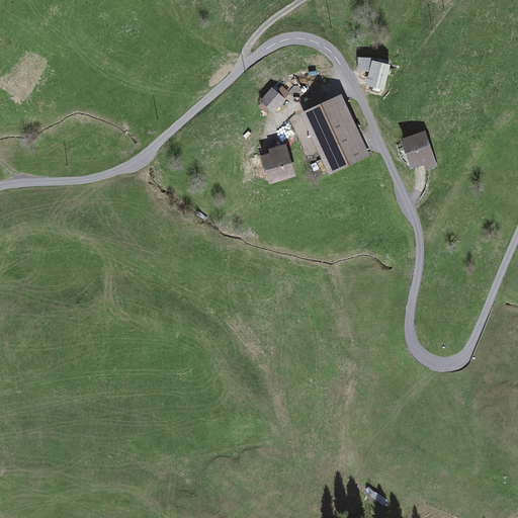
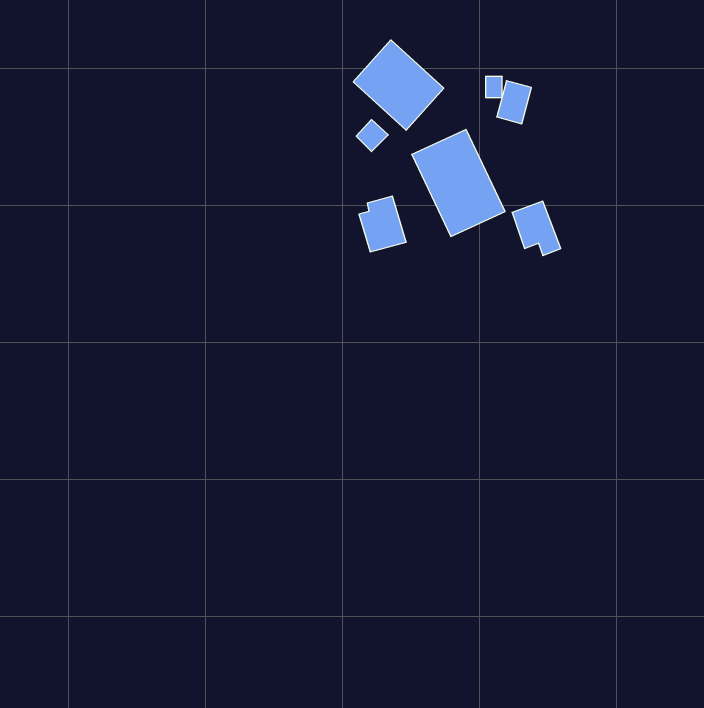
building: none -> [353,40,444,130]
building: [403,131,438,170] -> [512,201,561,256]

